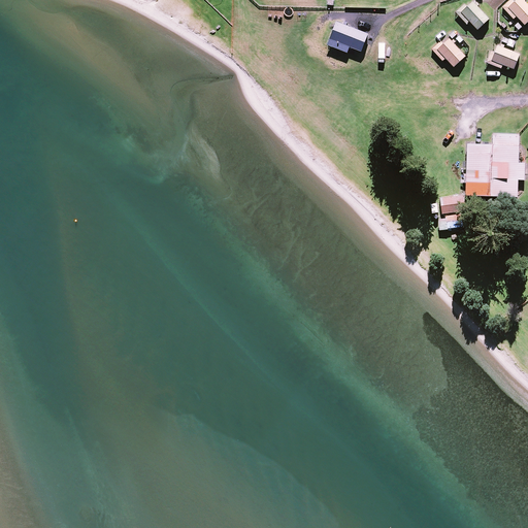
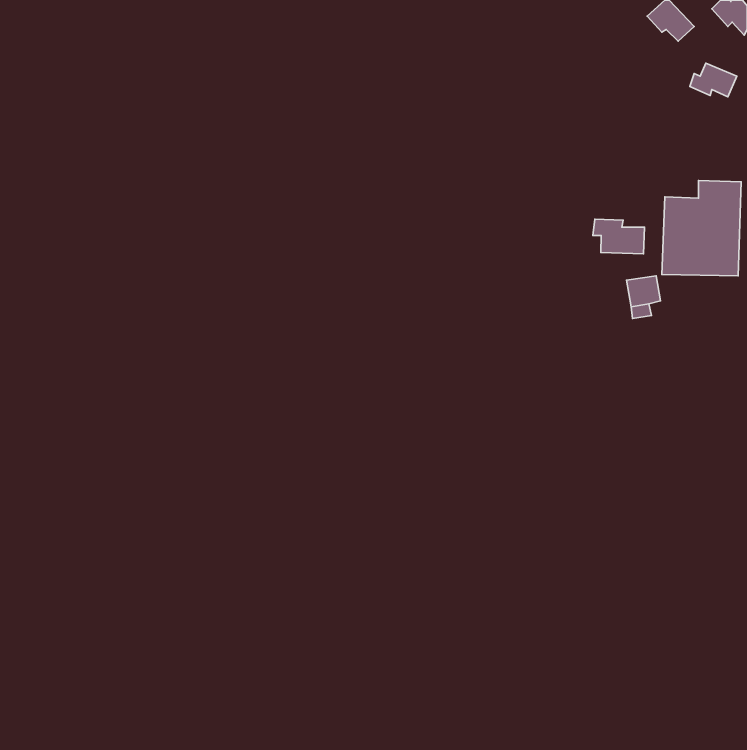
building: [327,23,367,54] -> none
building: [433,37,464,66] -> none
building: none -> [593,219,644,254]

